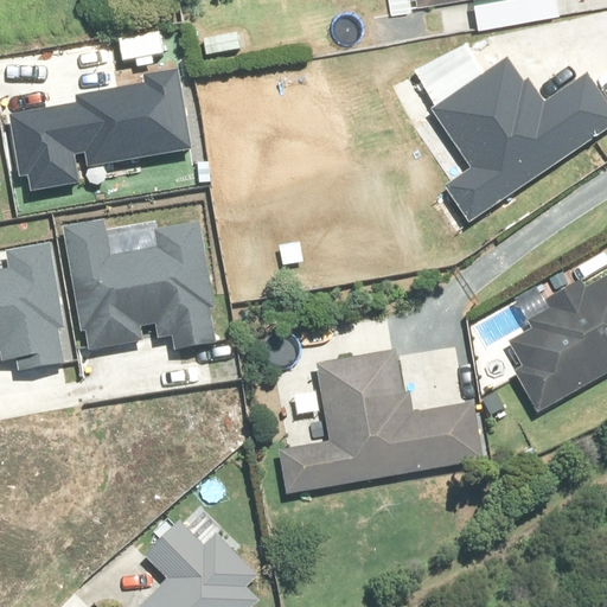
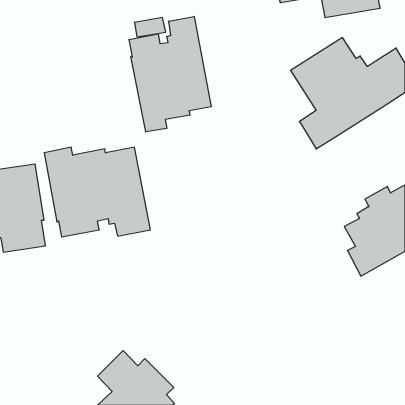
building: none -> [129,16,211,132]
building: [7,77,185,189] -> none
building: [279,349,484,499] -> none

